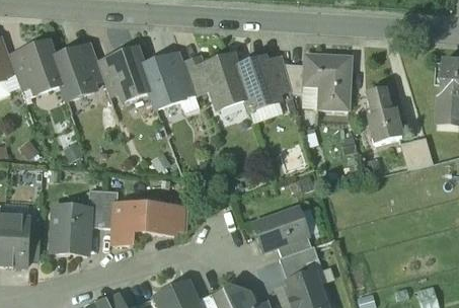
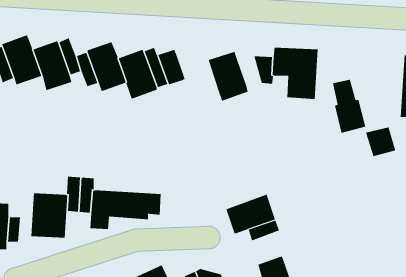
building: [205,54,246,107] -> none
building: [265,55,291,92] -> none
building: [279,243,318,280] -> none

